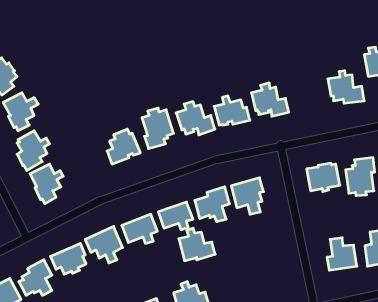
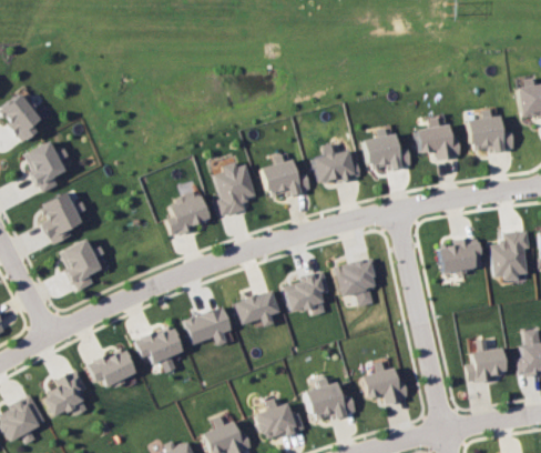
building: none -> [415,115,461,161]
building: [179,228,215,261] -> [305,378,355,422]
building: none -> [361,360,407,403]

